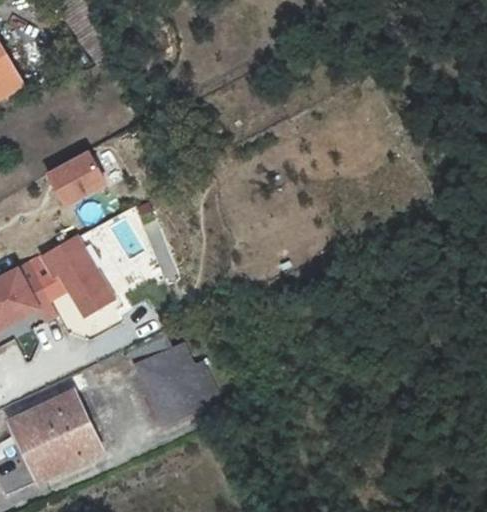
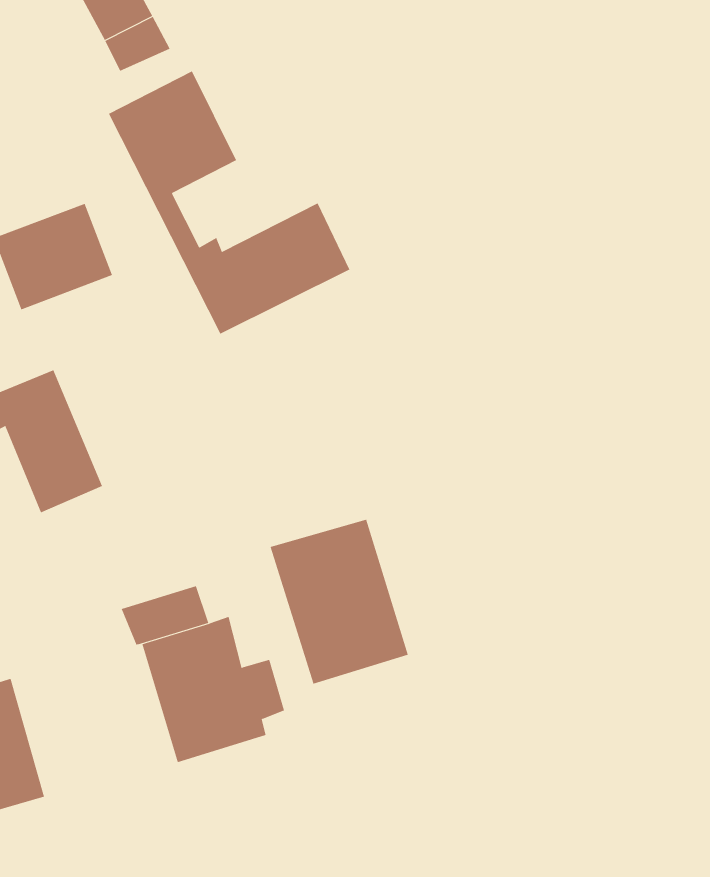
building: none -> [108,70,350,334]
building: none -> [270,519,409,685]

